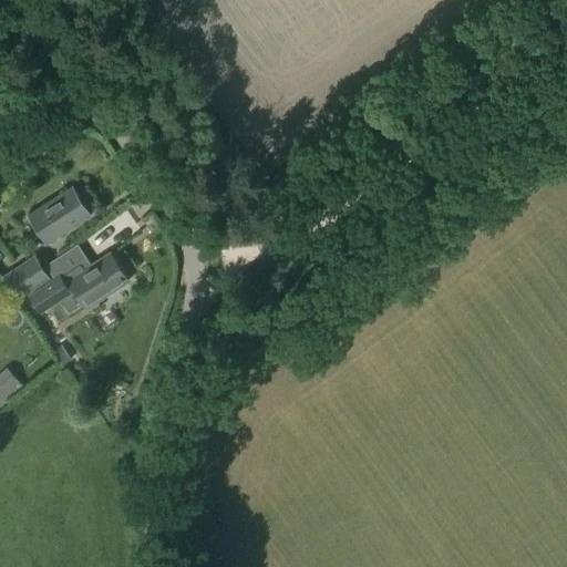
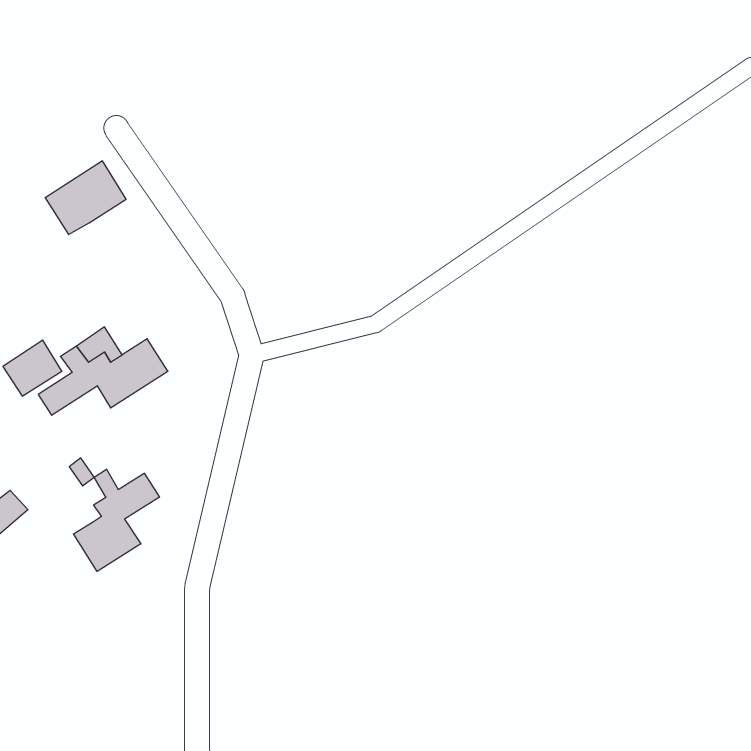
building: [28,188,89,244] -> [45,161,126,235]
building: none -> [73,469,159,571]

